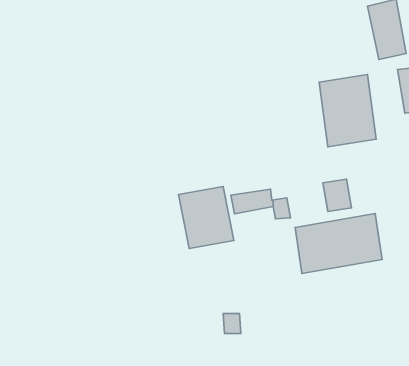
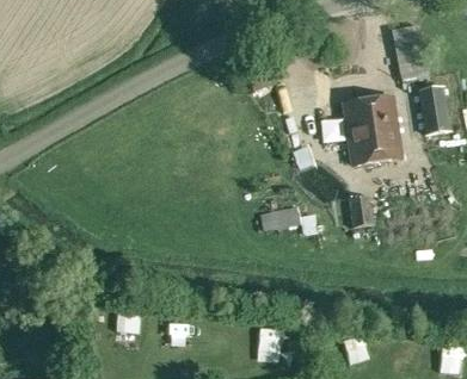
building: [179,187,234,249] -> none
building: [295,214,382,273] -> none

